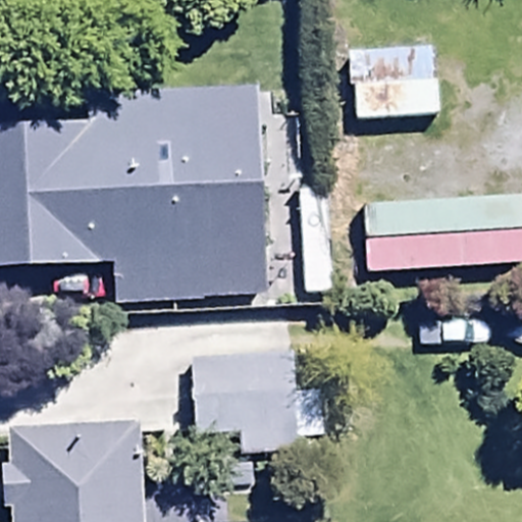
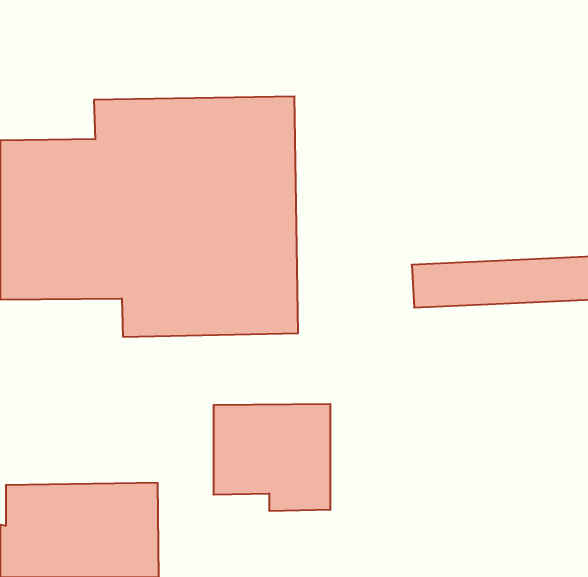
building: [347,40,435,122] -> none

